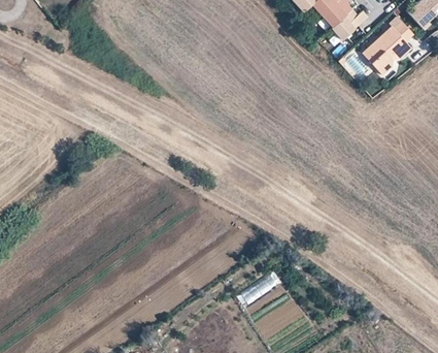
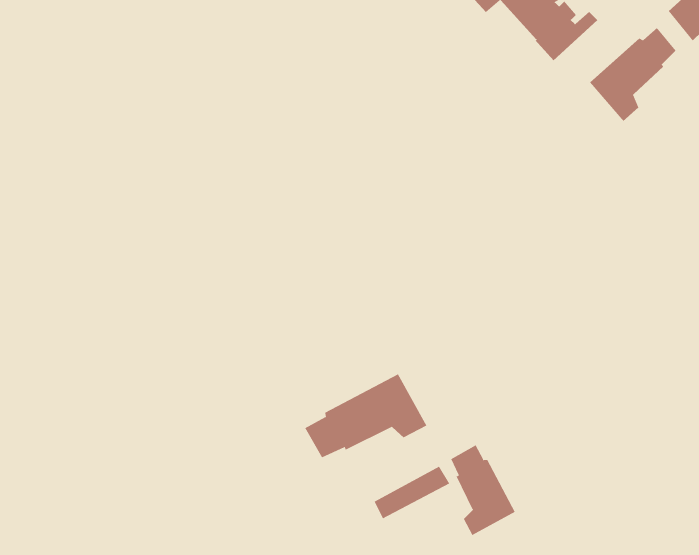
building: none -> [305,373,427,458]
building: none -> [451,445,515,536]

